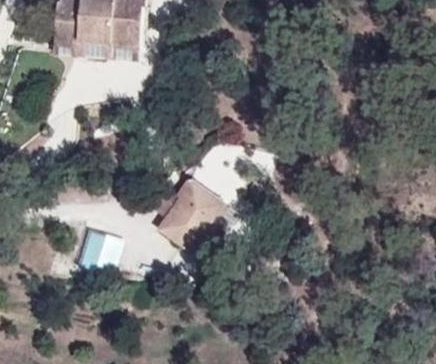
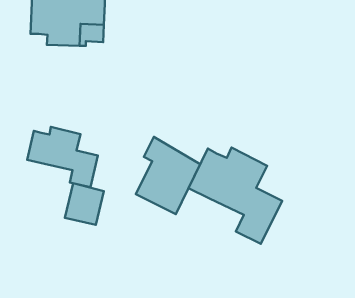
building: none -> [27,127,98,187]
building: none -> [188,148,282,244]

